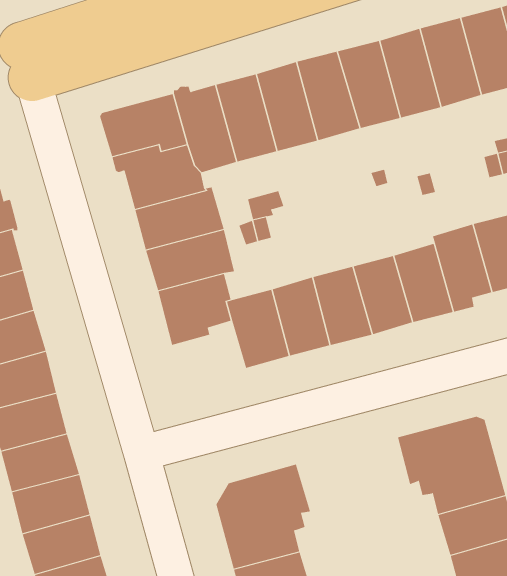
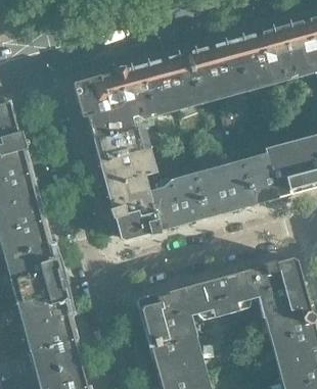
building: none -> [116,203,158,239]
building: none -> [188,271,254,317]

